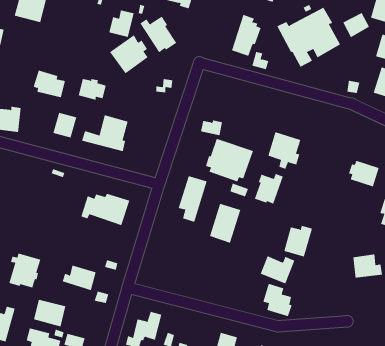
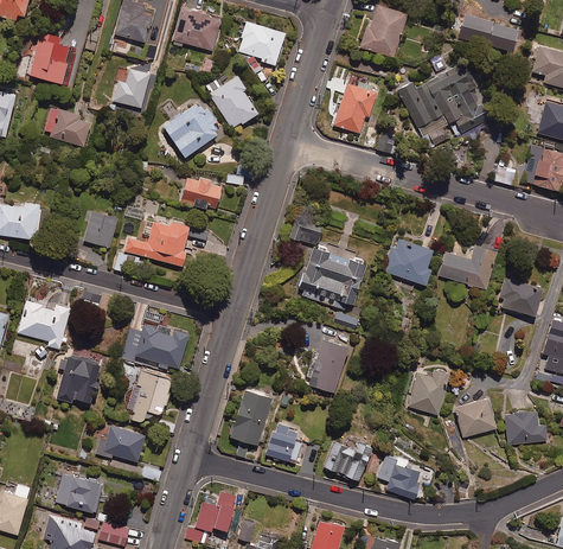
building: [108,10,135,38] -> [113,69,149,108]
building: [343,12,370,38] -> none
building: [33,70,66,98] -> [44,107,90,146]
building: [78,79,107,101] -> [181,178,222,209]
building: none -> [440,245,497,289]
building: [254,173,283,204] -> none
building: none -> [18,300,70,350]
building: [178,175,207,223] -> [230,391,271,458]
building: none -> [133,371,172,422]
building: none -> [455,398,497,438]
building: [8,253,41,288] -> [56,355,102,404]
building: [260,255,295,284] -> [322,441,372,481]
building: none -> [265,423,306,464]

